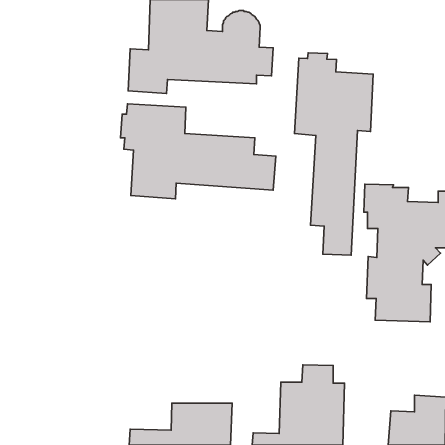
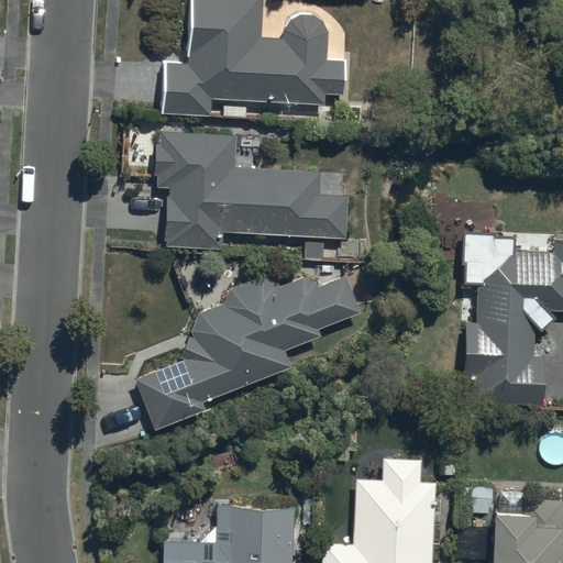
building: [294,53,373,255] -> none
building: none -> [135,275,360,433]

